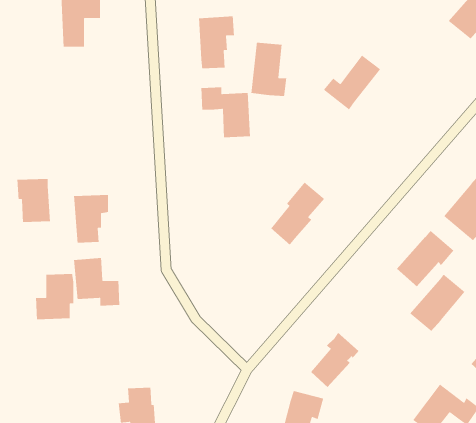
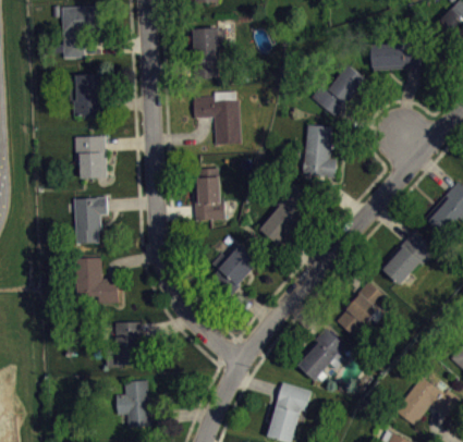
building: none -> [371,41,419,71]
building: [250,42,287,97] -> [302,125,337,177]
building: none -> [70,74,103,119]
building: none -> [194,168,226,221]
building: [17,178,51,223] -> [74,136,107,179]
building: none -> [208,245,259,299]
building: [35,273,74,320] -> [106,322,143,367]
building: [409,273,465,332] -> [334,281,388,336]

